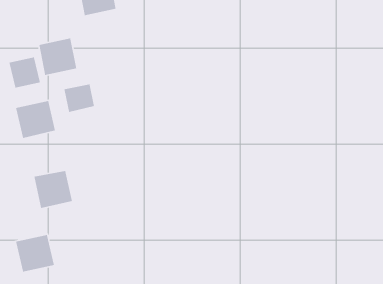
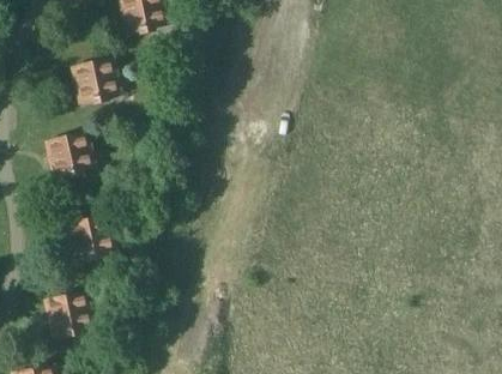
building: [8,56,41,89] -> none
building: [63,83,95,113] -> none

